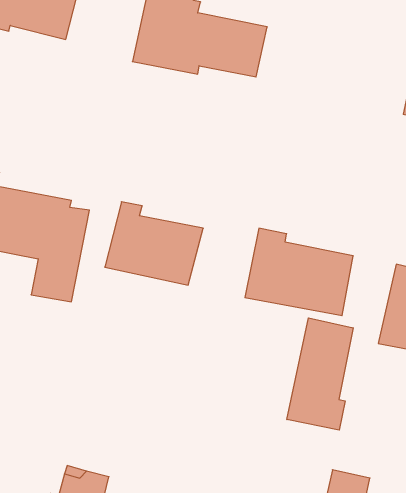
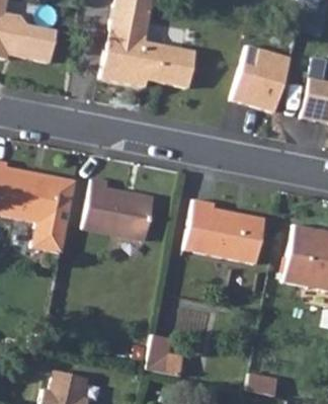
building: none -> [228,46,285,107]
building: [287,318,353,430] -> none
building: none -> [143,336,182,379]

